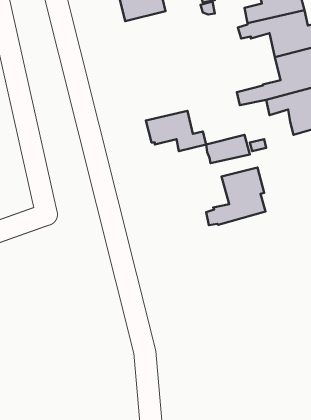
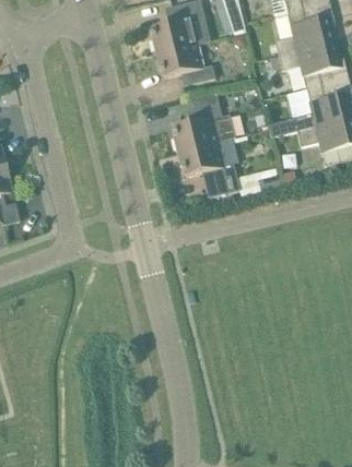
building: none -> [155,43,214,84]
building: none -> [171,103,234,152]
building: [206,168,265,225] -> none

